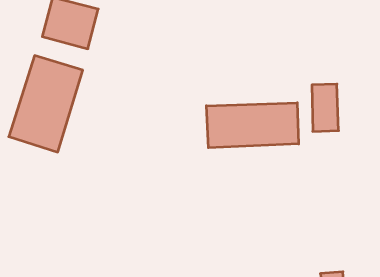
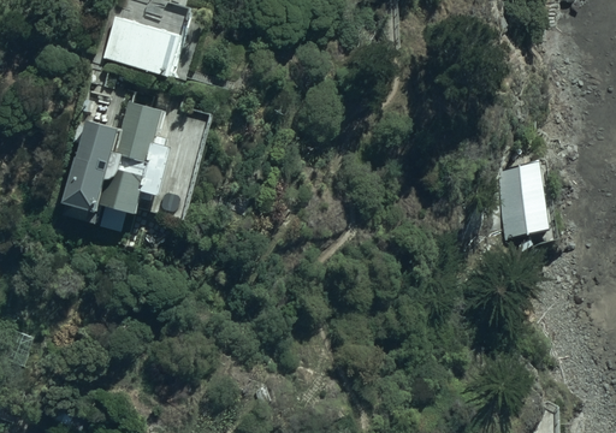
building: [206,103,299,148] -> none

